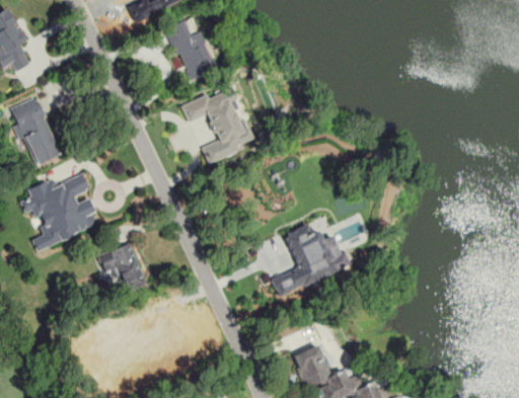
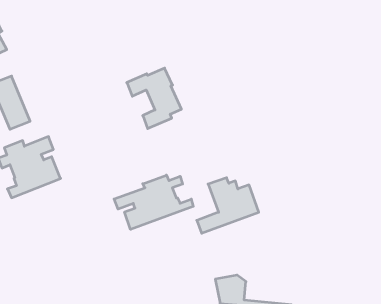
building: [168,20,218,80] -> none
building: none -> [114,175,193,229]
building: [96,243,146,293] -> none

